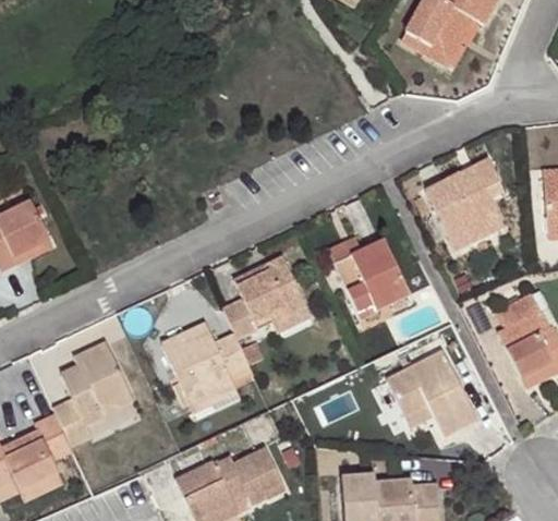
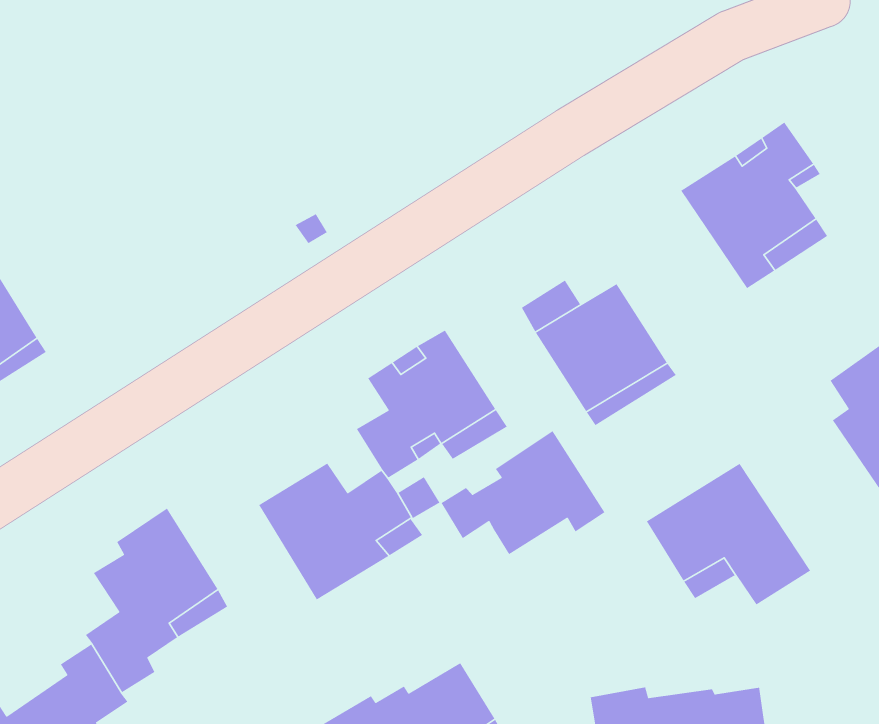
building: none -> [440,430,605,555]

